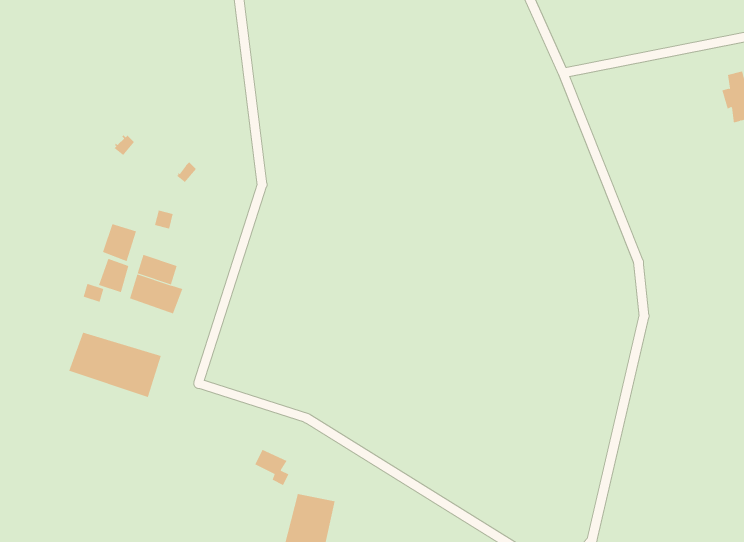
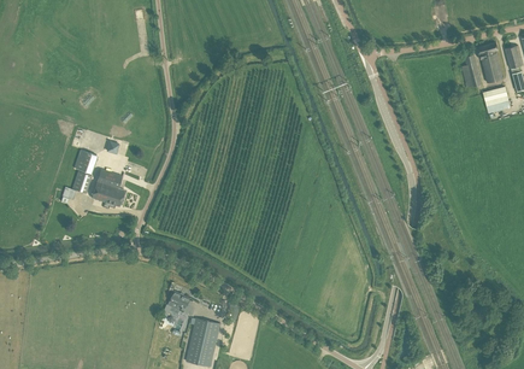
building: [69,332,162,398] -> none

